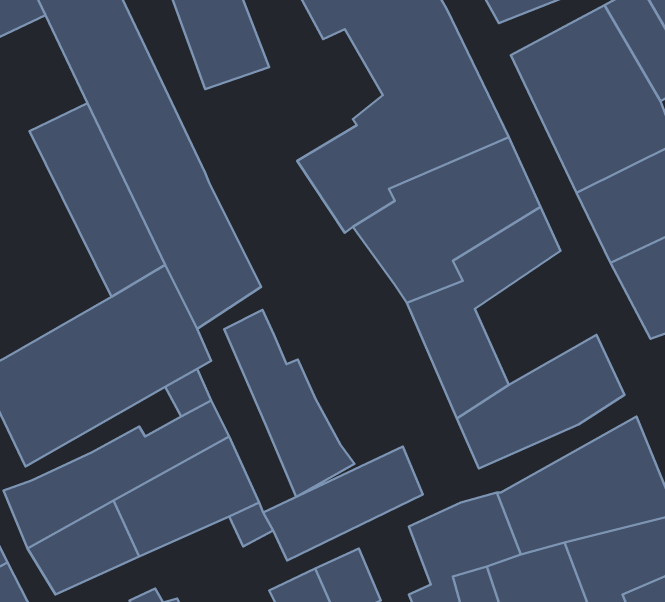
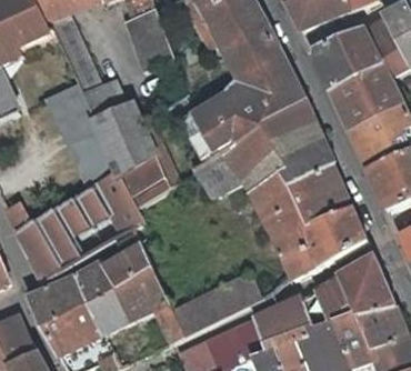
building: none -> [191,150,244,201]
building: none -> [289,163,357,238]
building: [224,310,354,497] -> none

